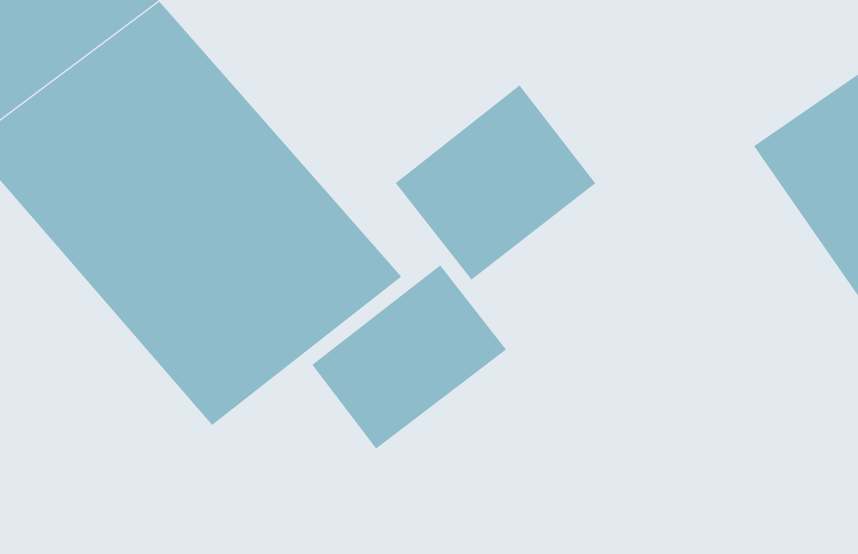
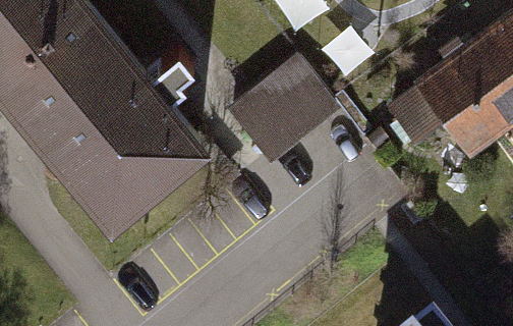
building: [311,265,507,450] -> none

